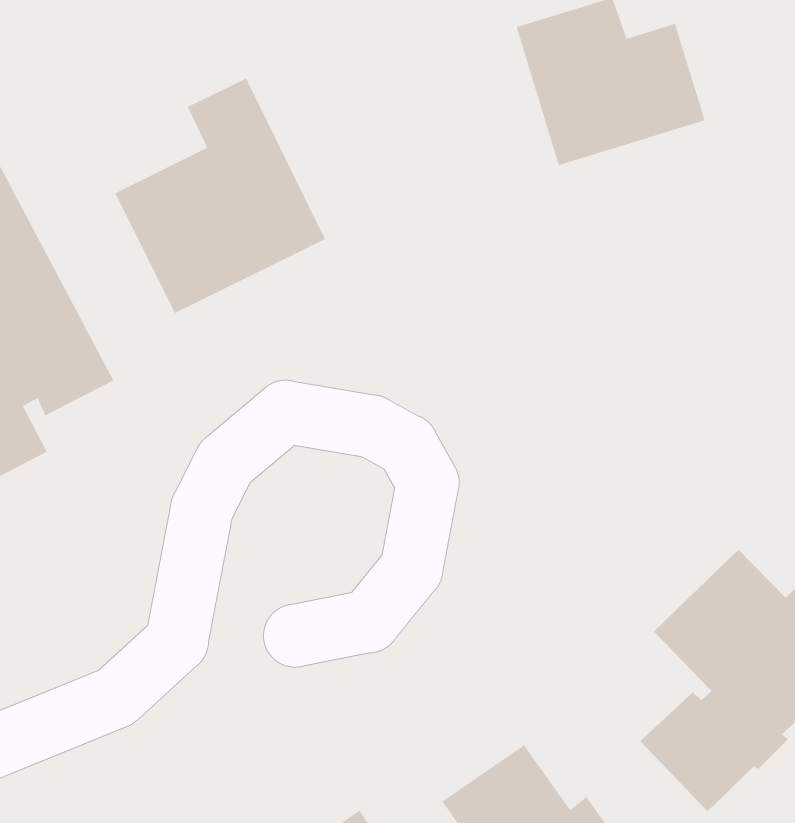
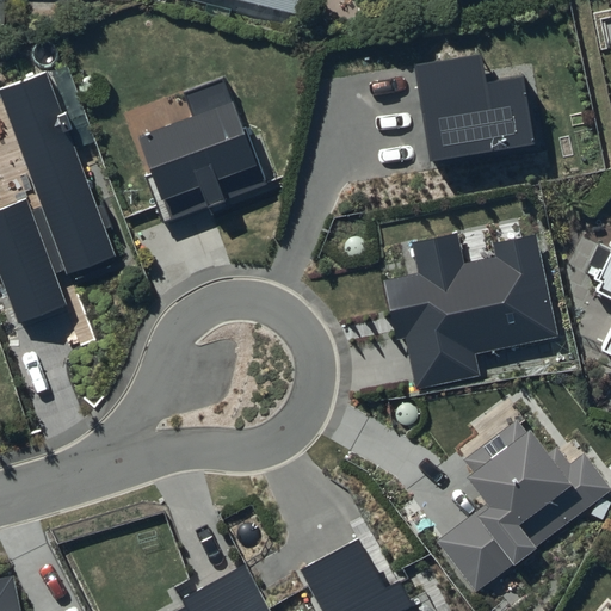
building: none -> [382,235,556,391]

